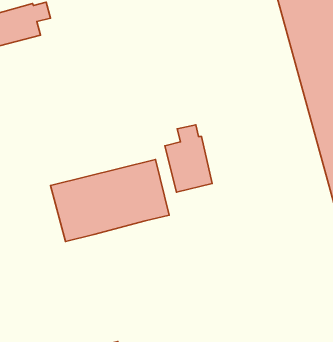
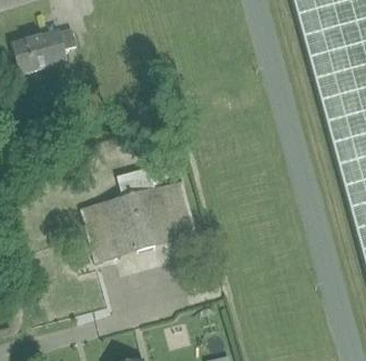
building: [165,125,212,192] -> none

